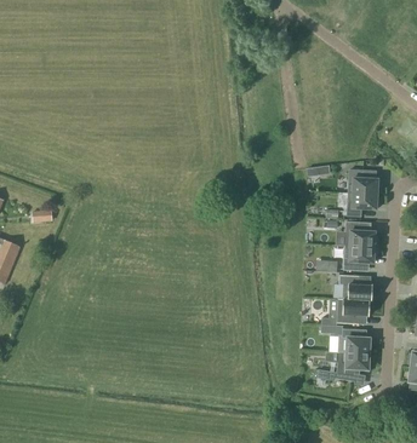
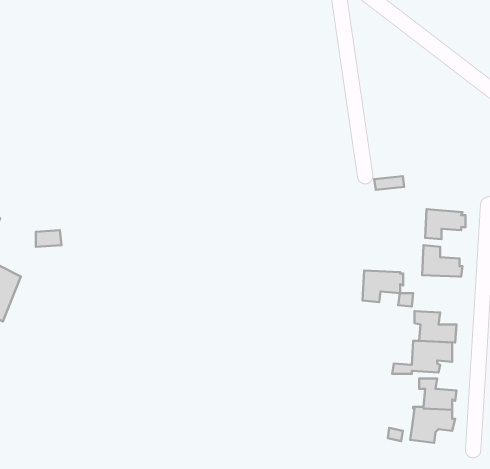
building: [348,169,381,195] -> none
building: [343,246,376,271] -> [363,271,403,302]

